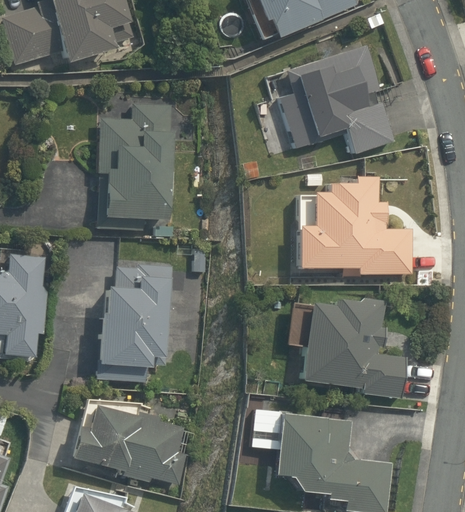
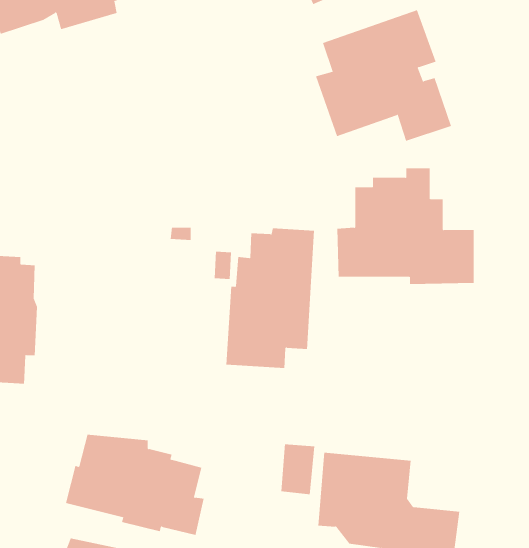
building: [97,105,170,221] -> none
building: [96,264,171,382] -> [226,228,315,368]
building: [299,297,406,400] -> none

